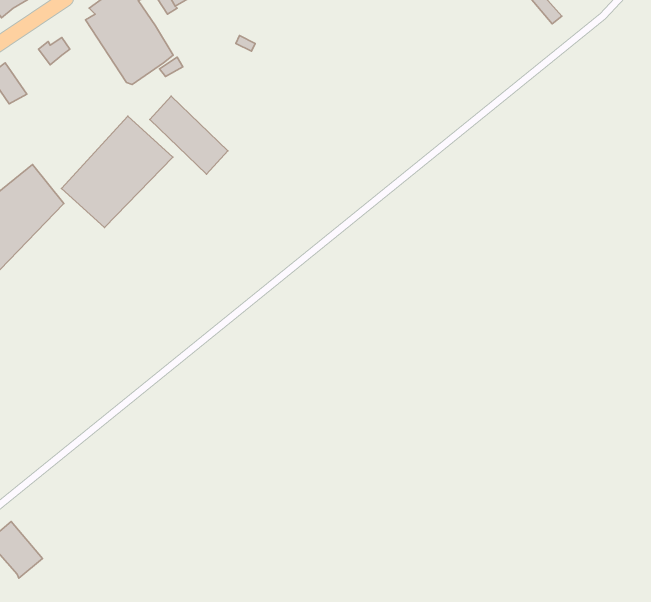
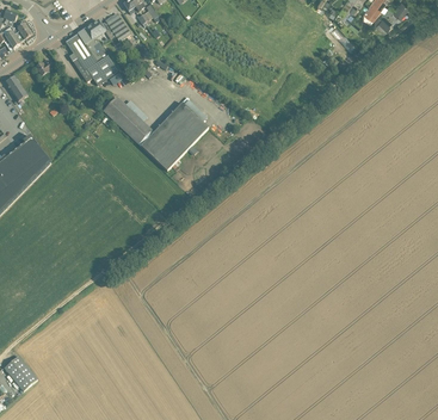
building: [61,116,173,227] -> [141,103,209,171]

